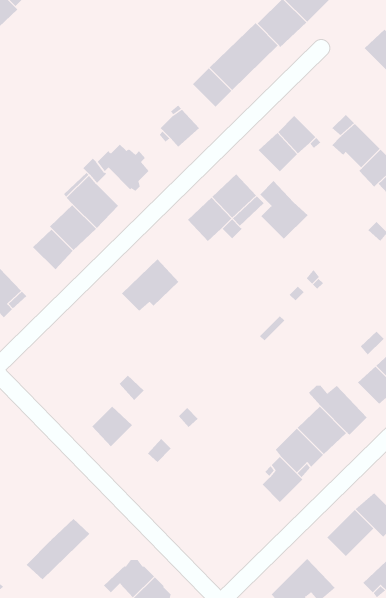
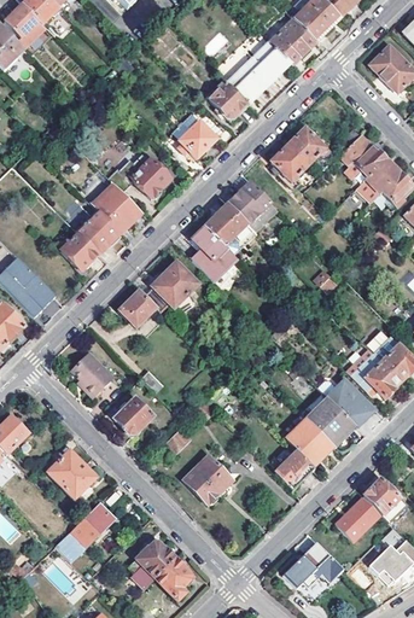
building: [259,180,308,240] -> [191,225,237,280]
building: none -> [118,290,156,326]
building: none -> [72,354,111,396]
building: none -> [47,450,94,497]
building: none -> [183,455,238,505]

